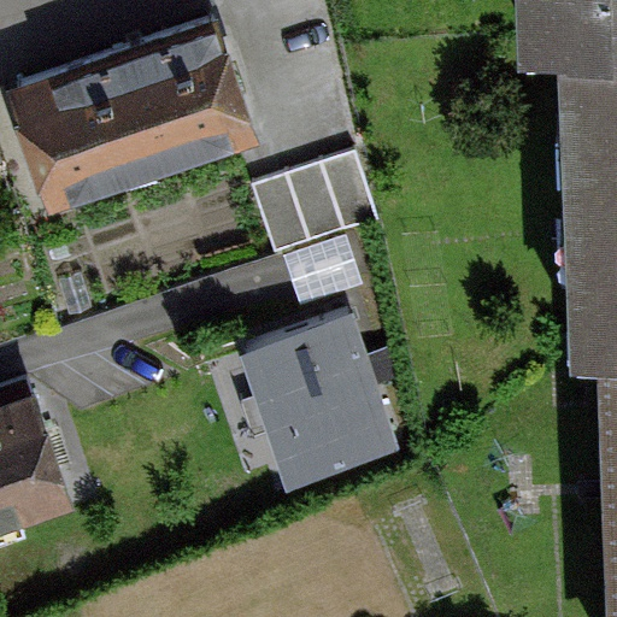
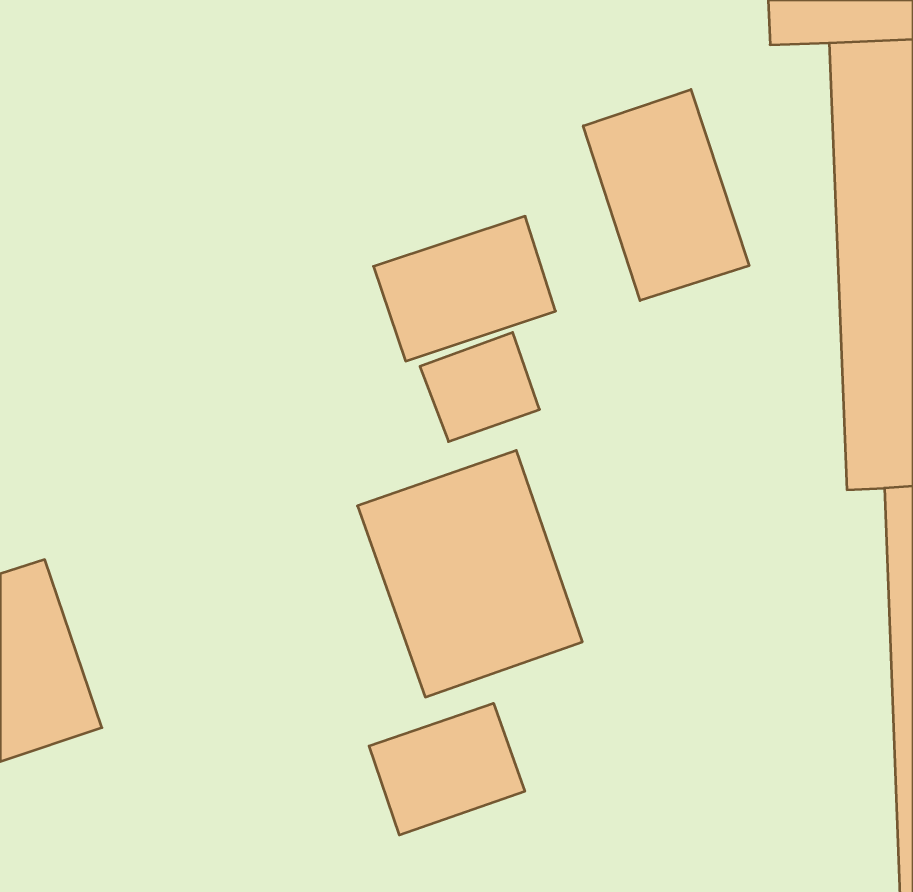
building: [8,20,251,206] -> none
building: none -> [583,89,749,301]
building: none -> [369,703,525,835]

